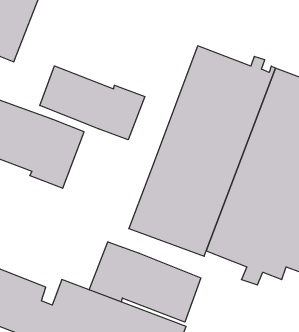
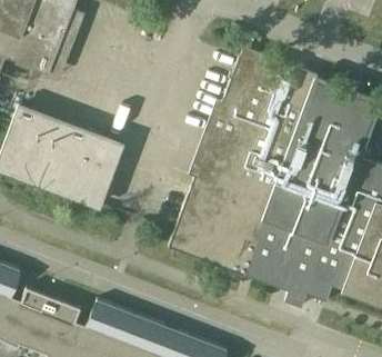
building: [40,66,145,140] -> none
building: [89,242,201,322] -> none

